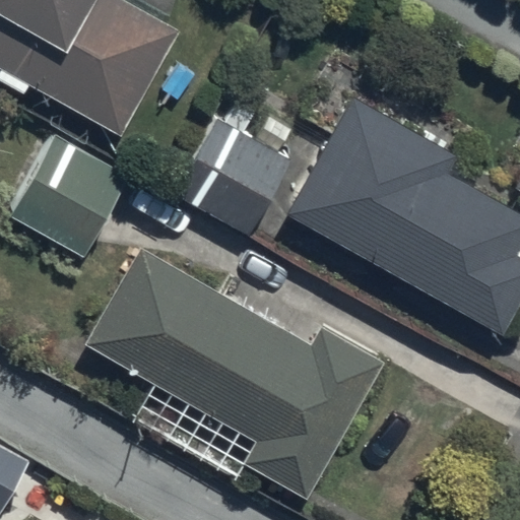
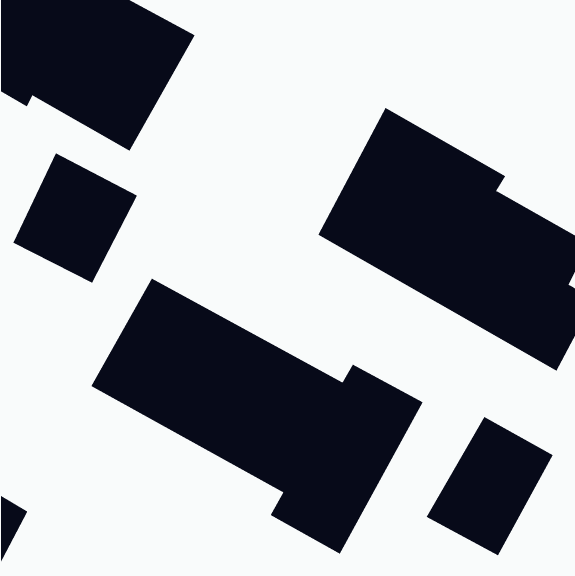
building: [175,99,289,236] -> none
building: none -> [426,416,553,556]

